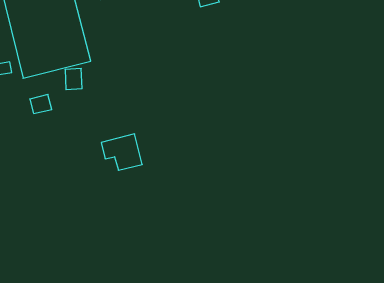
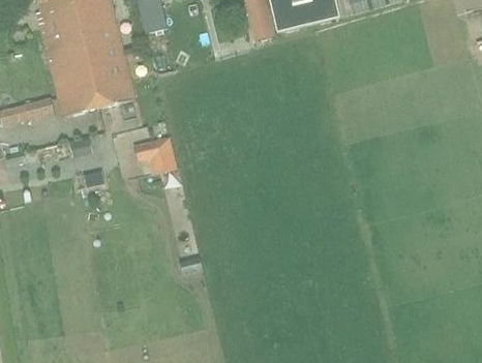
building: [101,134,142,170] -> [132,134,177,174]

